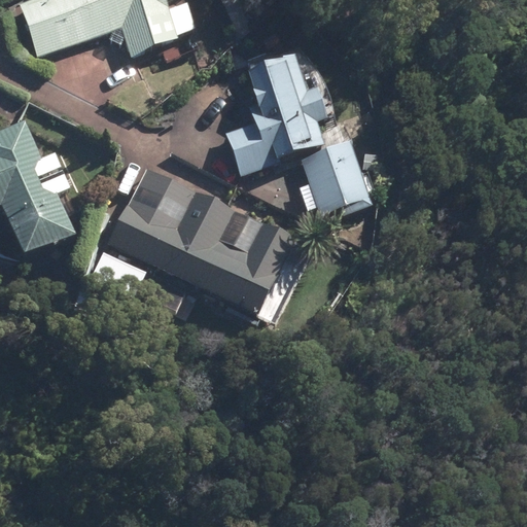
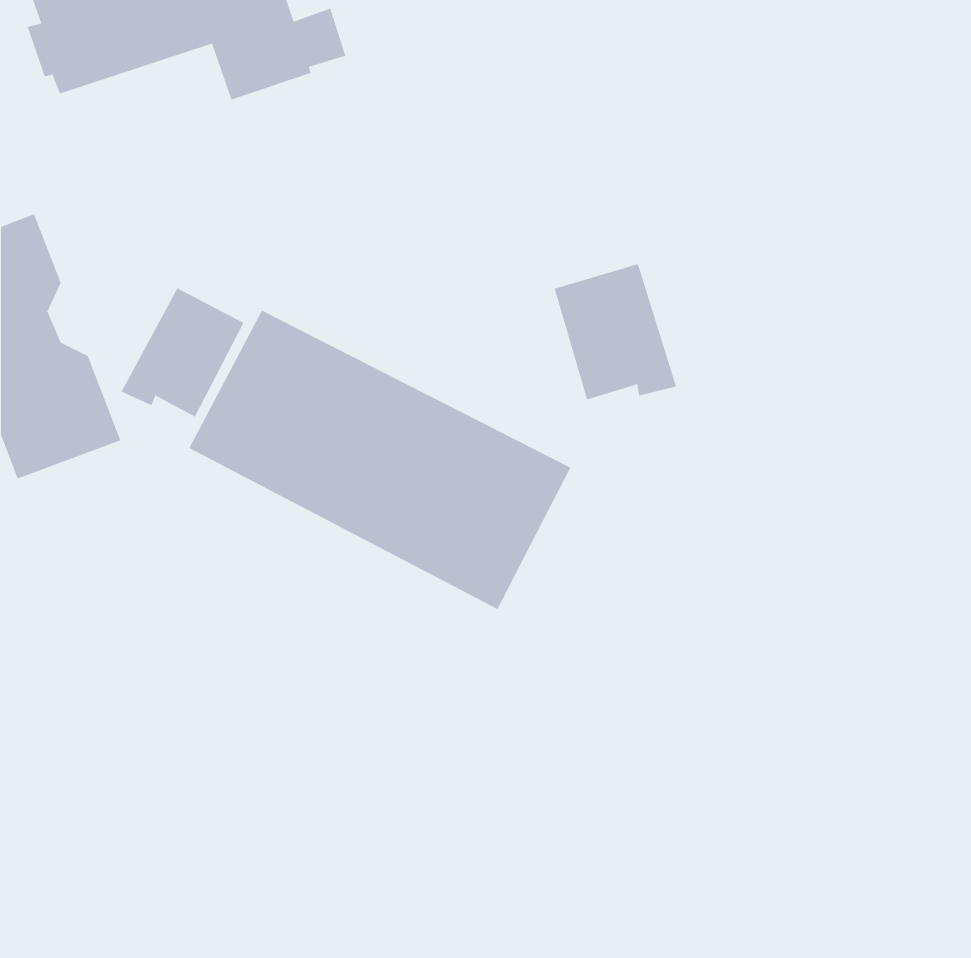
building: [226,56,324,172] -> none
building: none -> [121,288,244,417]

